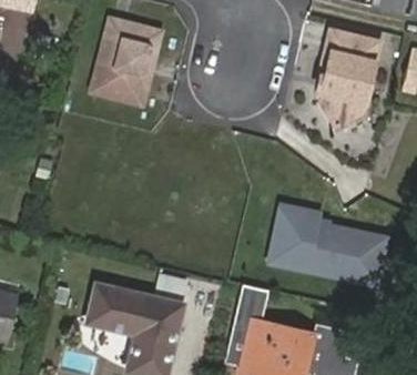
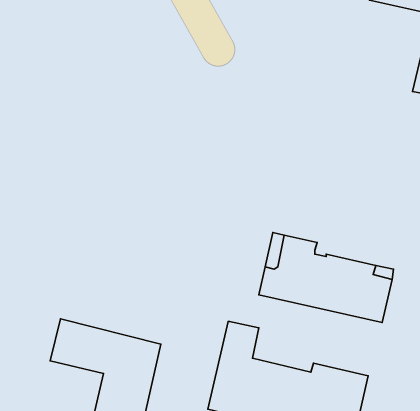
building: [93,22,162,105] -> none
building: [321,32,379,132] -> none

